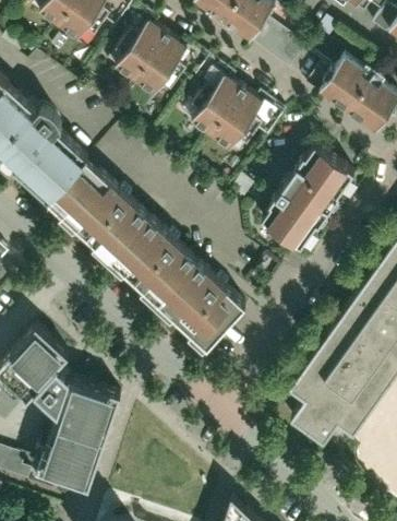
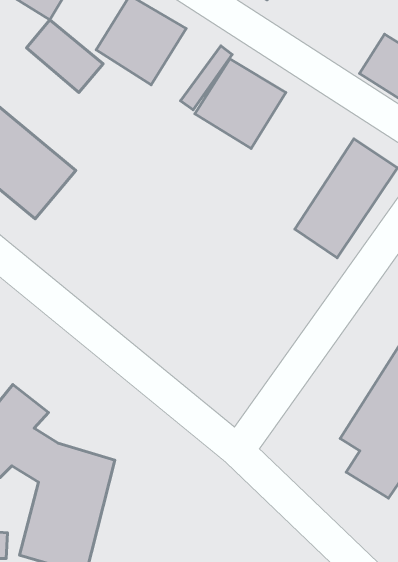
building: none -> [27,20,103,92]
building: [56,164,243,345] -> none

